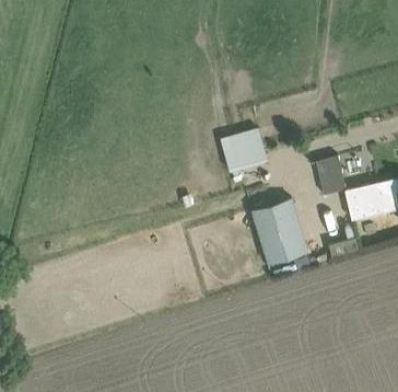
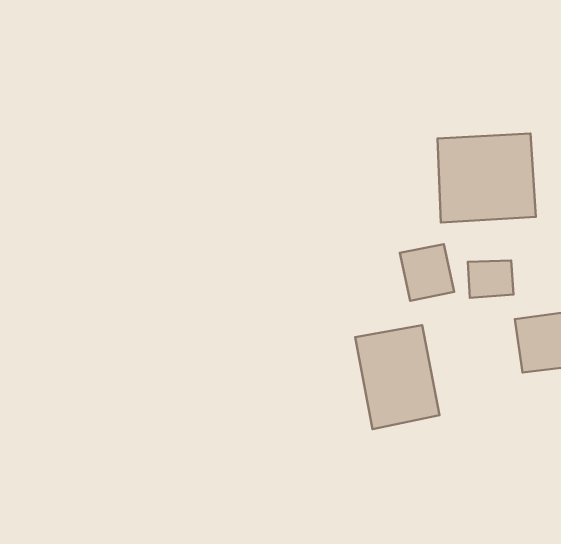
building: none -> [437,134,536,222]
building: [234,127,268,162] -> [400,244,454,301]

